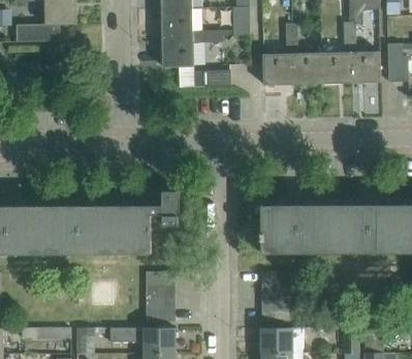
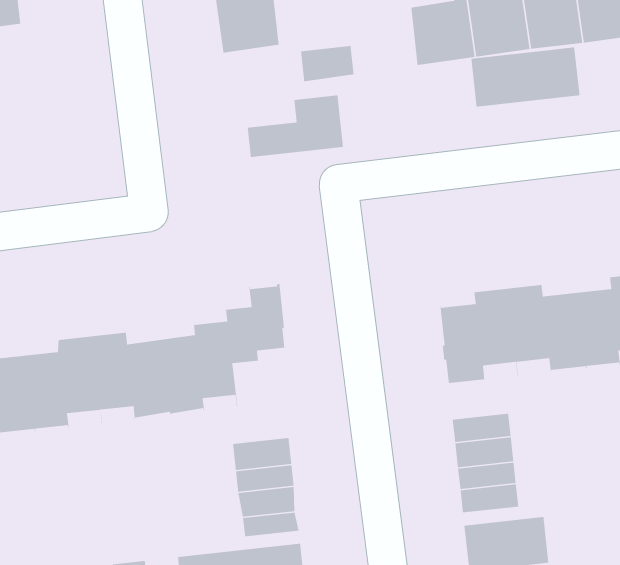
building: none -> [470,47,580,107]
building: none -> [247,95,344,158]

